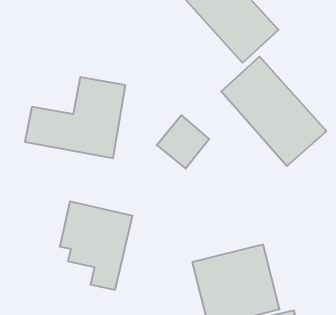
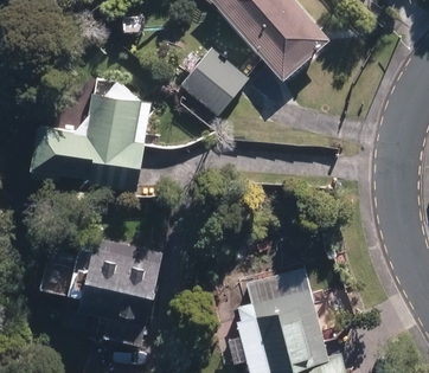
building: [221,57,326,166] -> none
building: [157,115,209,169] -> [183,50,243,111]

